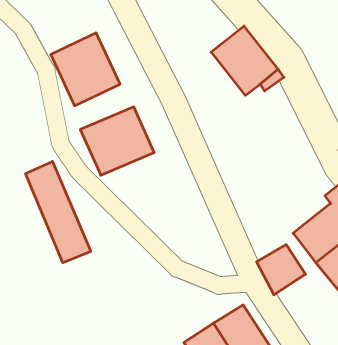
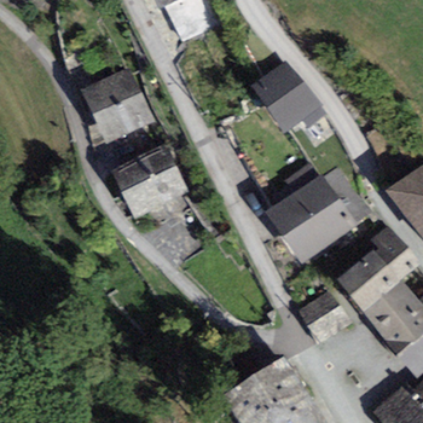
building: none -> [266,164,371,262]
building: [26,161,91,263] -> none

